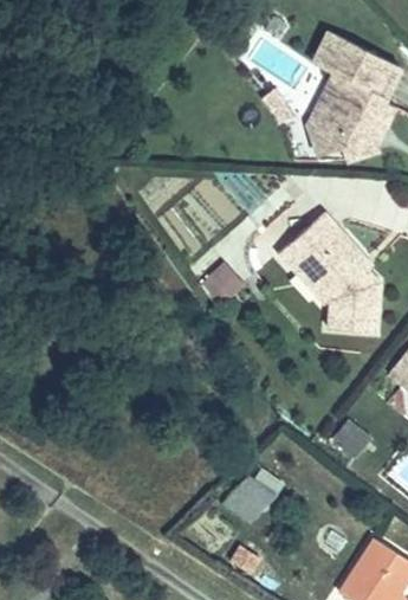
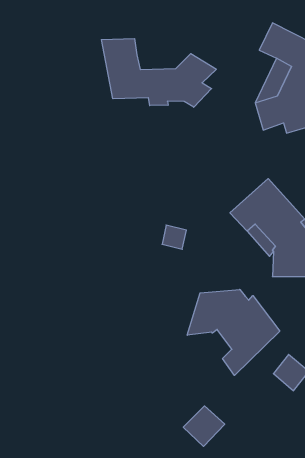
building: none -> [101,39,216,107]
building: none -> [187,289,280,375]

